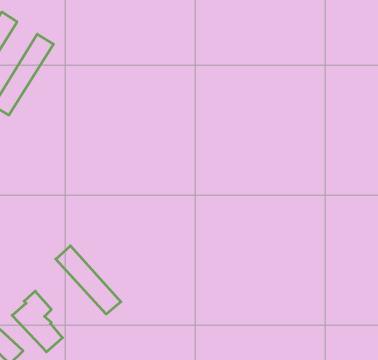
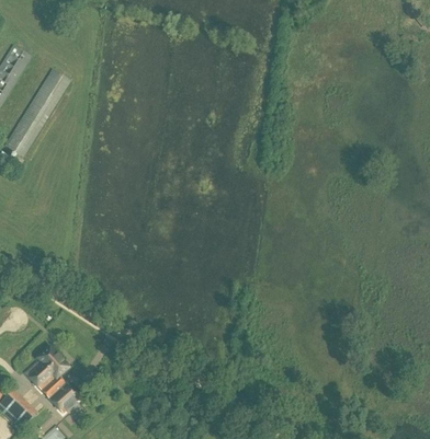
building: [56,246,121,314] -> none

